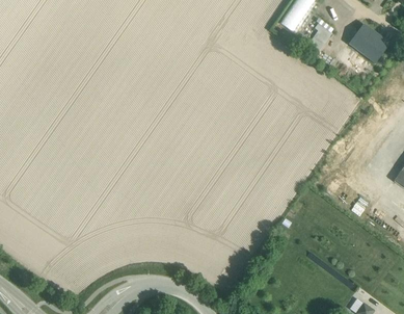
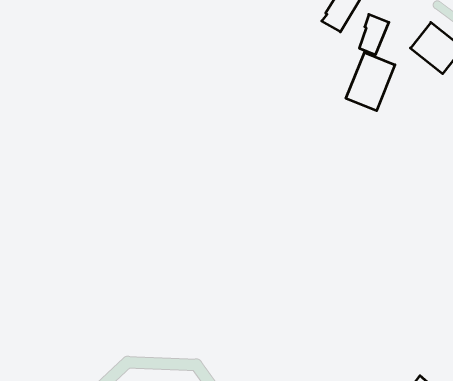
building: none -> [346,52,395,111]

